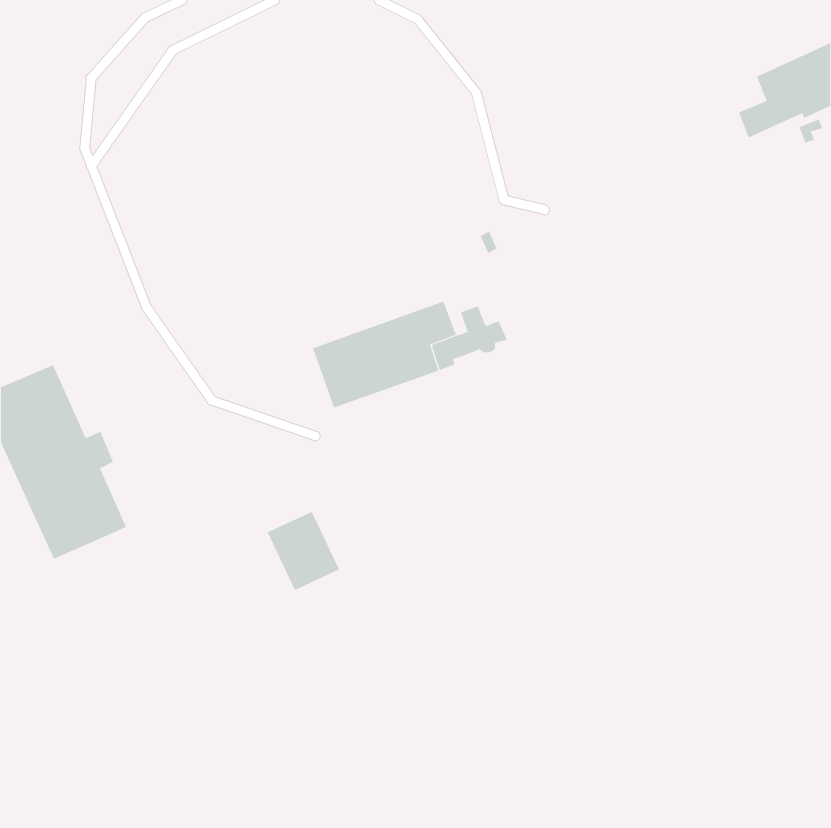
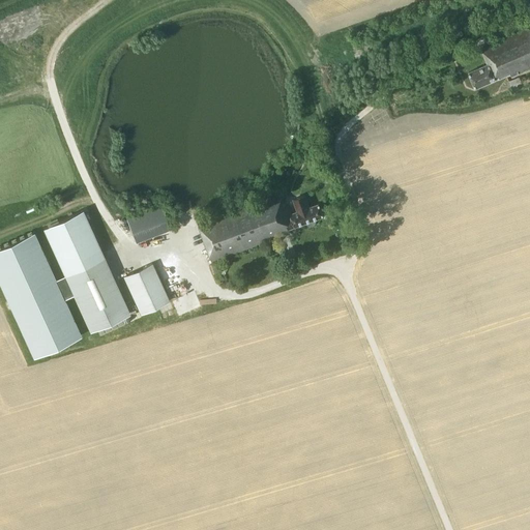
building: none -> [126,207,170,244]
building: none -> [42,211,129,333]
building: [267,511,340,591] -> [123,265,170,316]

